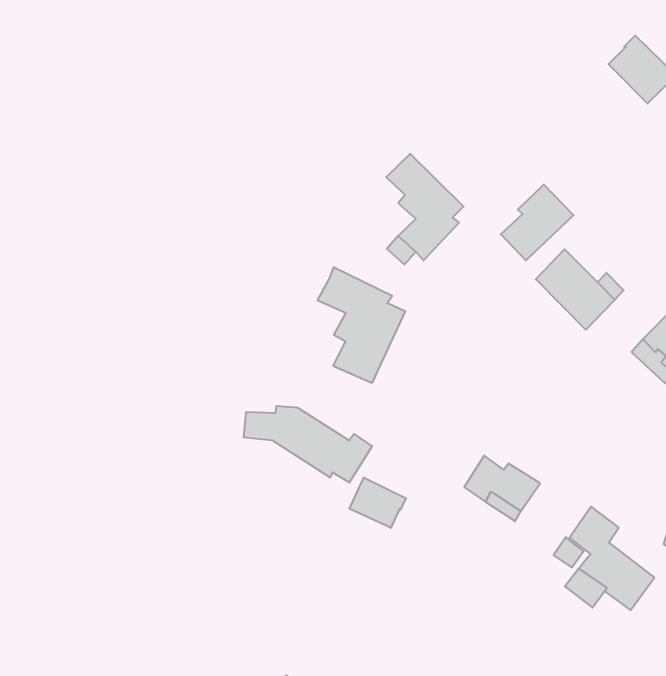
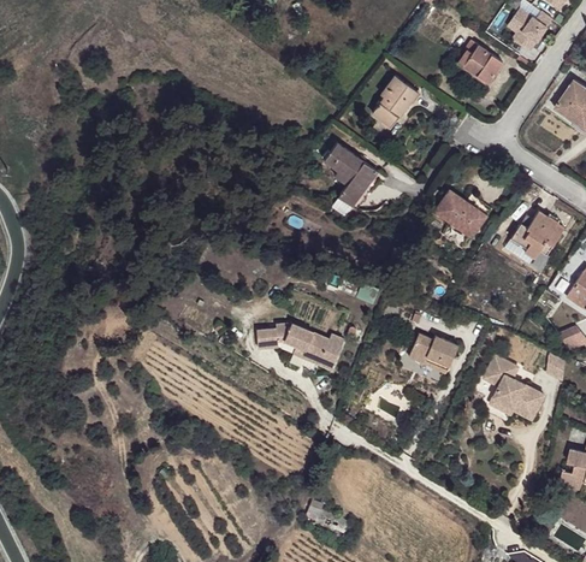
building: [501,185,574,260] -> [372,76,418,128]
building: [318,267,405,383] -> none
building: [349,478,406,528] -> none

